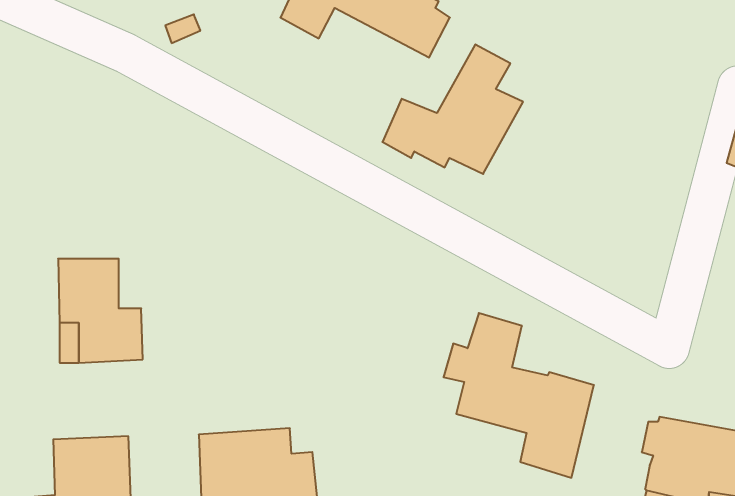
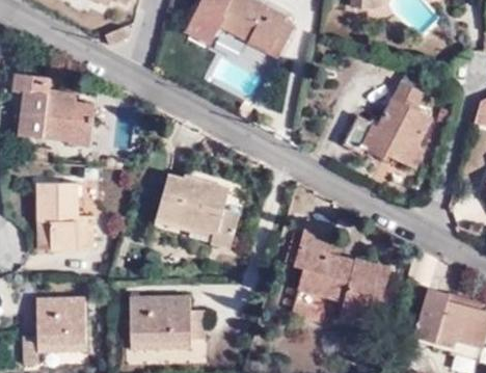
building: [382,44,523,174] -> [341,78,432,162]
building: none -> [15,79,88,146]
building: none -> [150,175,233,249]

